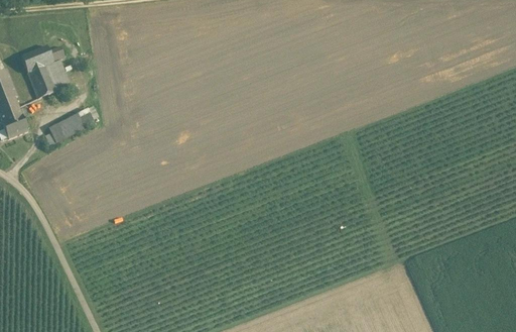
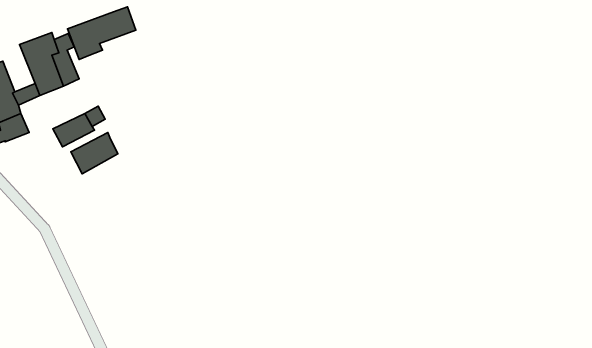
building: none -> [67,7,136,60]
building: none -> [71,133,118,174]

